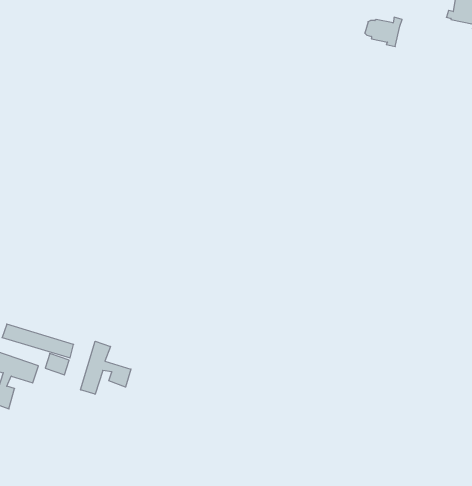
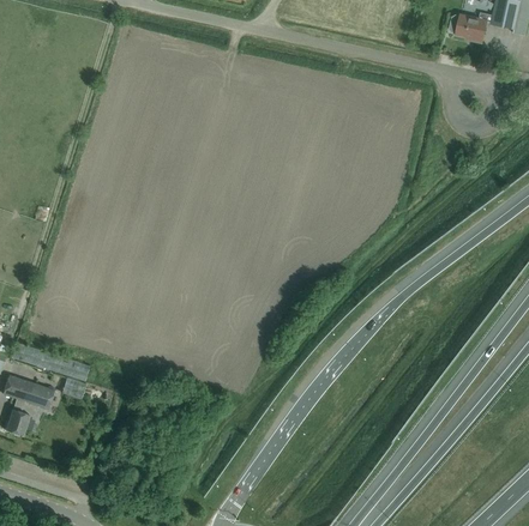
building: [365,17,402,47] -> [449,11,488,42]
building: [81,341,131,394] -> none

